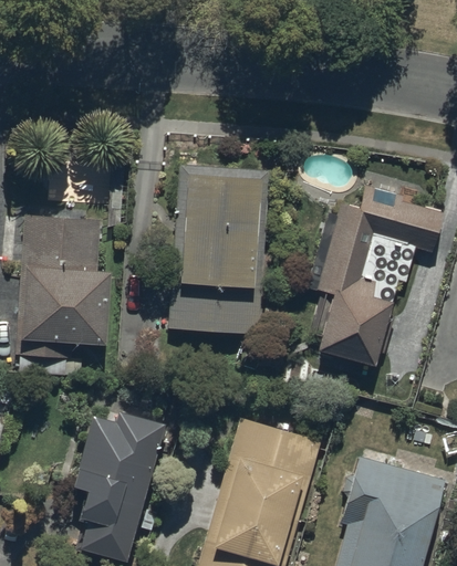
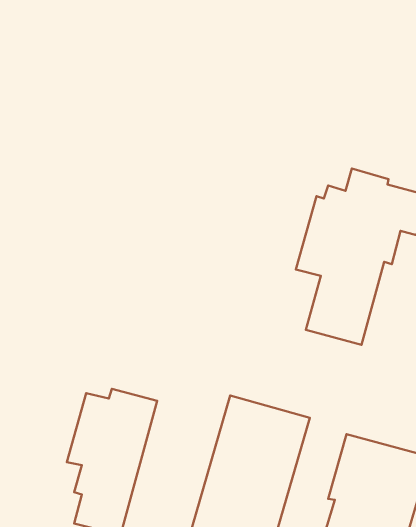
building: [168,166,268,335] -> none
building: [14,217,110,359] -> none

